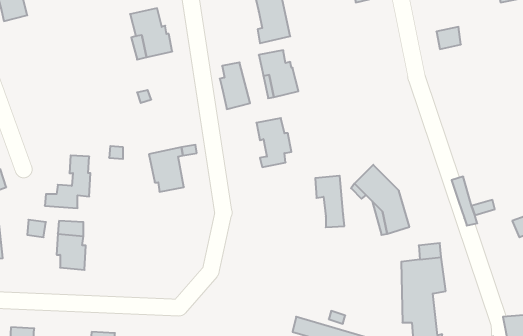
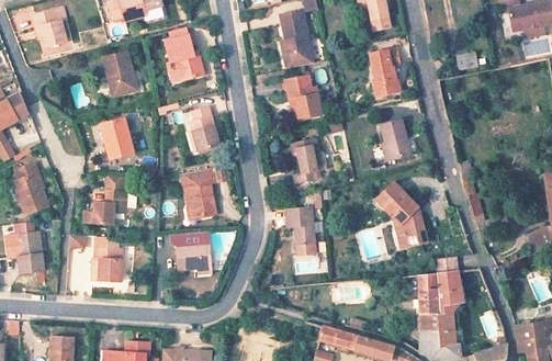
building: none -> [370,49,399,95]
building: none -> [102,53,137,97]
building: [220,62,250,109] -> [190,105,218,149]
building: none -> [100,119,134,161]
building: none -> [382,122,410,160]
building: [315,176,344,227] -> [289,207,316,256]
building: none -> [170,232,210,271]

